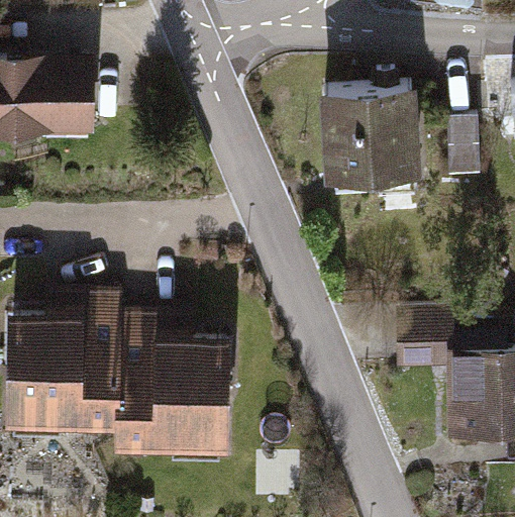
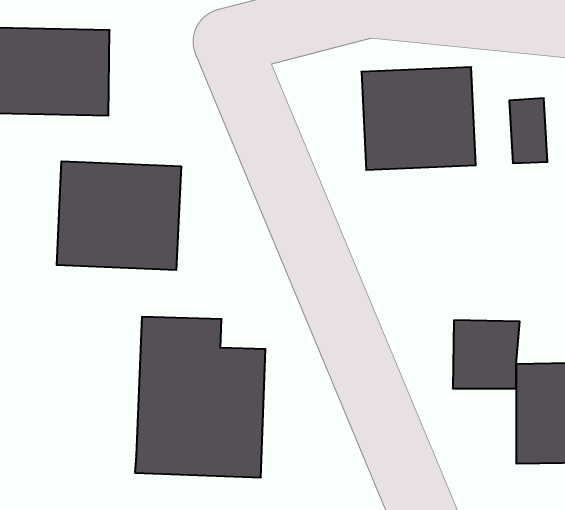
building: none -> [57,161,181,270]
building: [7,289,125,432] -> none

